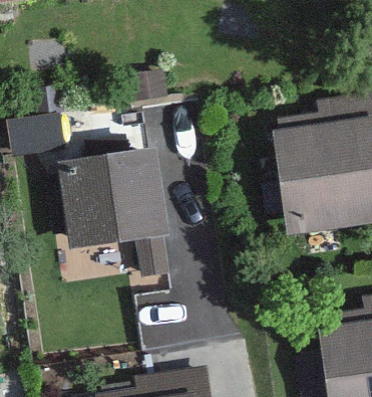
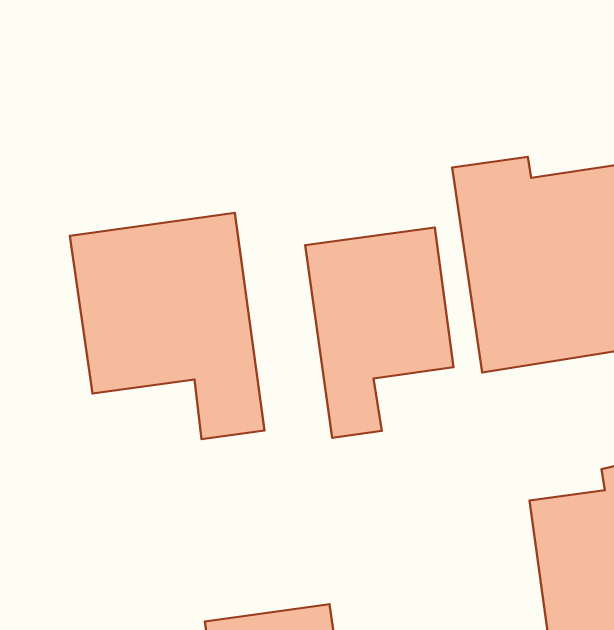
building: none -> [305,227,453,438]

